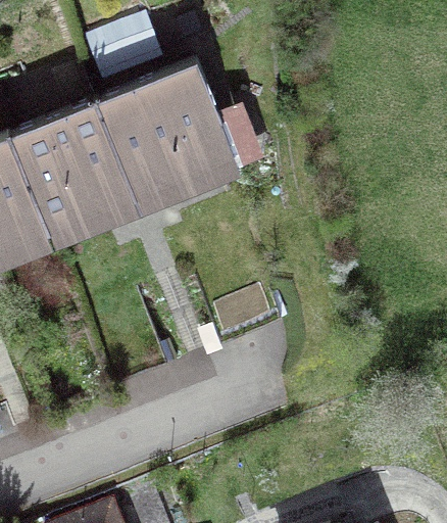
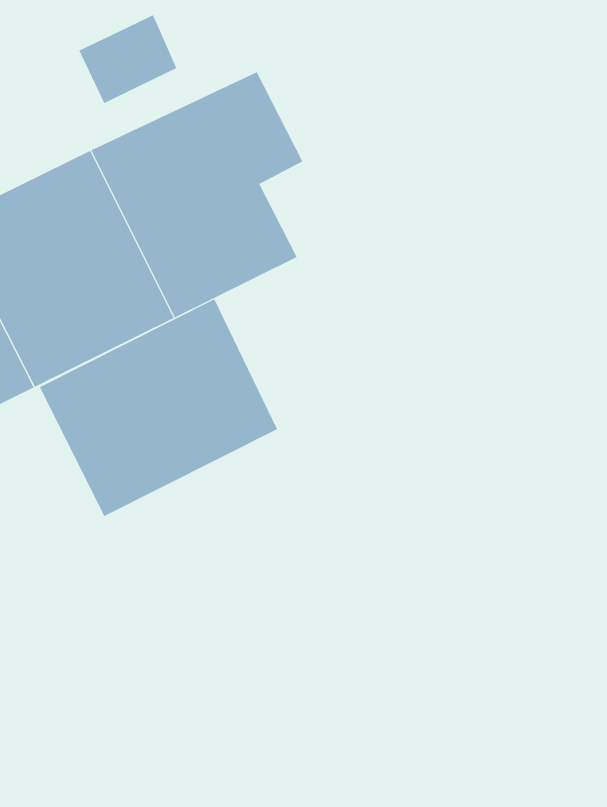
building: none -> [39,298,278,517]

